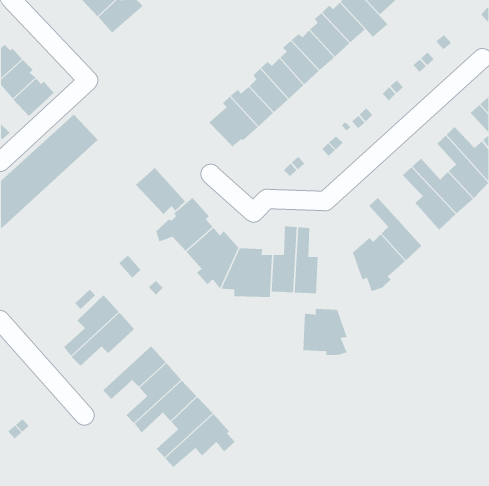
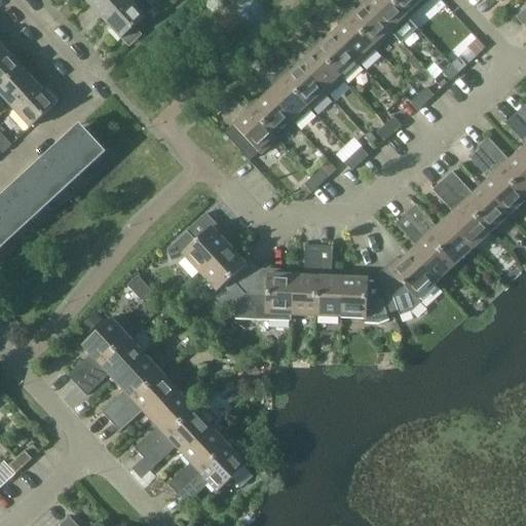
building: [135,167,186,215] -> none
building: none -> [406,202,472,264]
building: [302,308,347,355] -> [340,270,388,321]
building: none -> [101,353,162,419]

